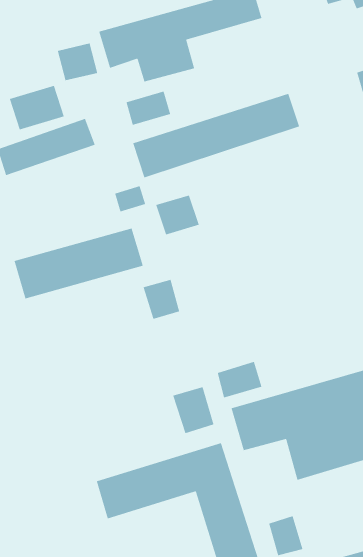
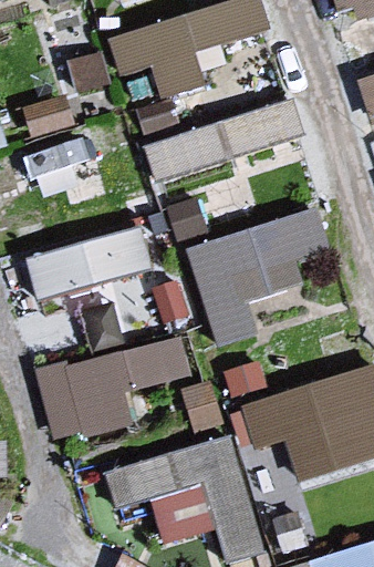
building: none -> [183,208,330,352]
building: none -> [34,336,187,447]

